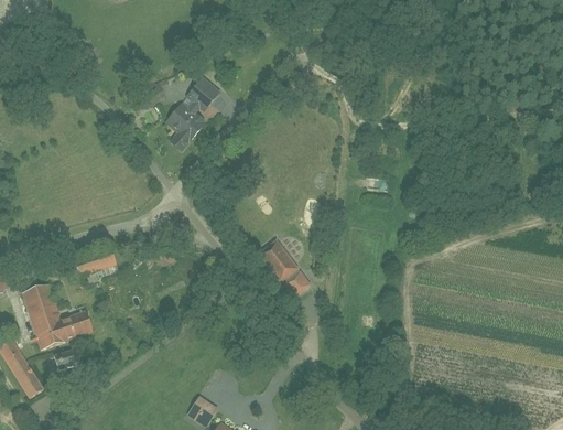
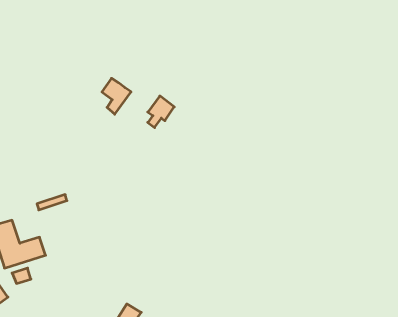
building: [186,75,220,116] -> [148,96,174,128]
building: [261,245,311,299] -> none

